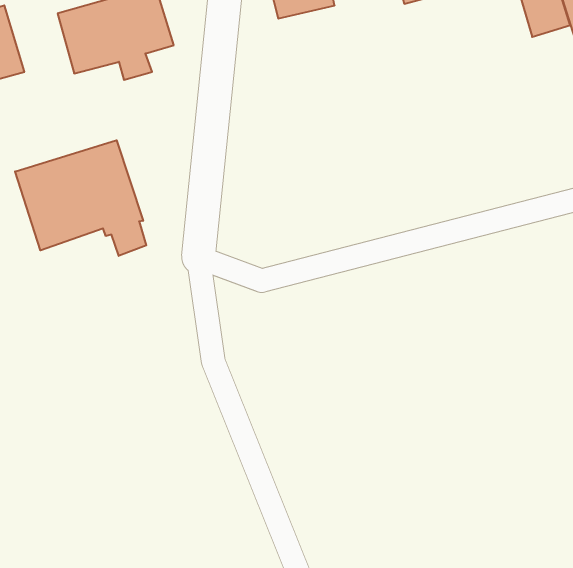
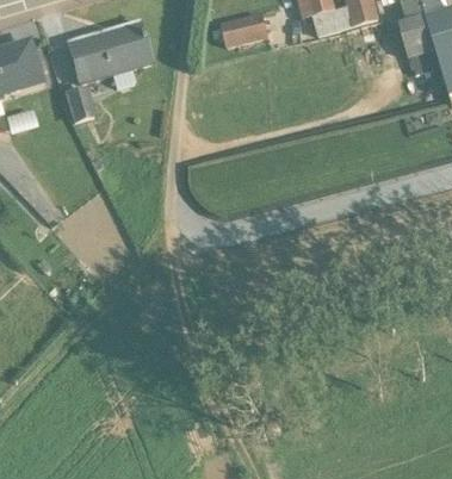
building: none -> [62,83,95,120]
building: [15,140,146,256] -> none

